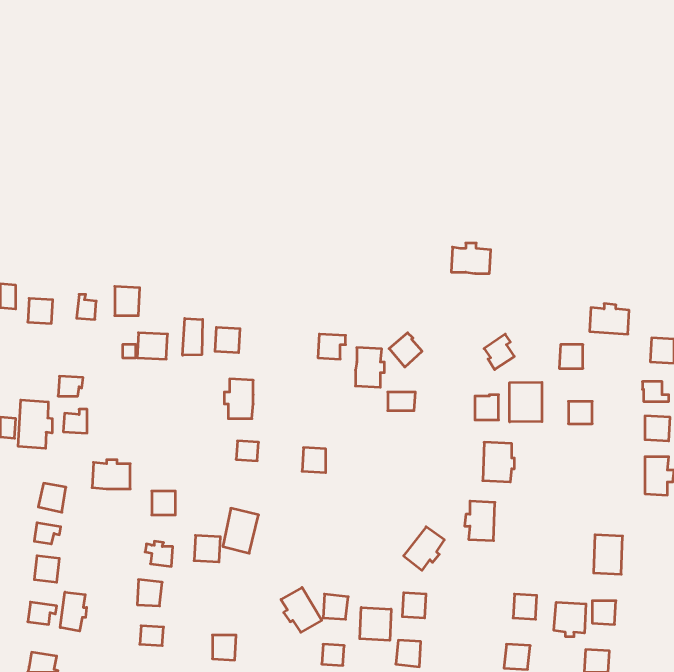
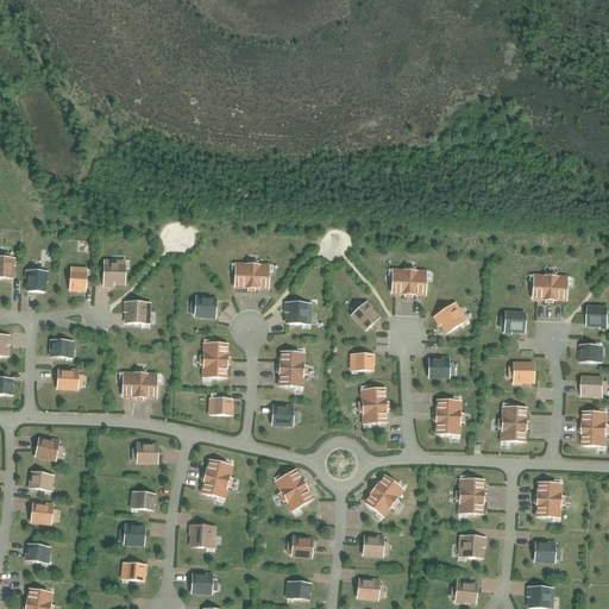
building: [451,243,491,273] -> [391,268,427,295]
building: none -> [234,262,270,289]
building: [183,318,203,355] -> none
building: [355,348,384,387] -> [278,351,304,387]
building: [510,382,542,422] -> none
building: [18,400,52,448] -> none
building: none -> [360,388,388,423]
building: none -> [501,407,527,441]
building: [92,460,130,489] -> [123,371,157,397]
building: [465,501,495,541] -> [458,478,485,514]
building: [194,535,220,562] -> [189,523,213,547]
building: [281,587,322,632] -> [277,469,314,509]
building: [60,592,87,631] -> none
building: [554,602,586,637] -> none
building: [360,607,391,640] -> none

